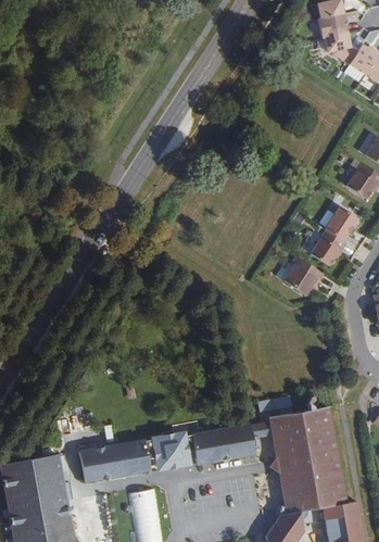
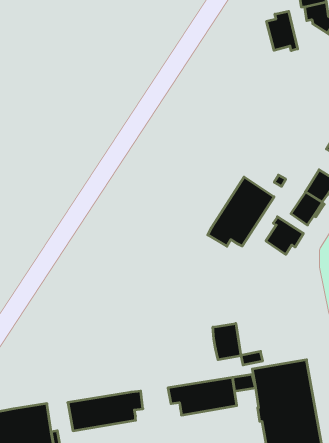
building: none -> [267,11,298,51]
building: none -> [208,177,274,246]
building: none -> [213,323,241,360]
building: [149,434,197,468] -> none

